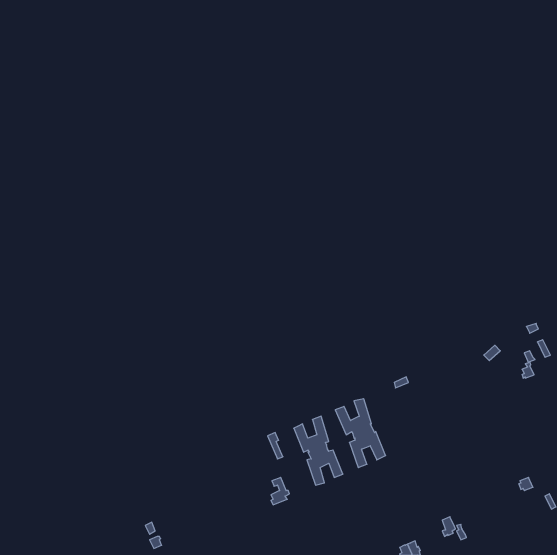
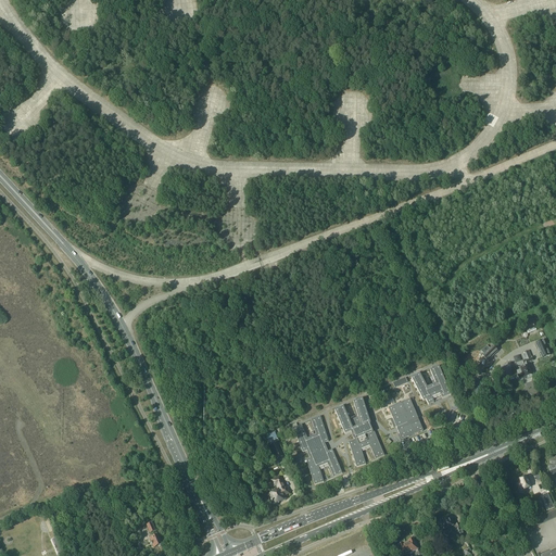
building: none -> [410,364,450,403]
building: none -> [388,396,422,438]

